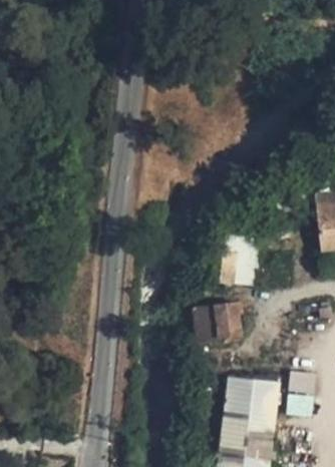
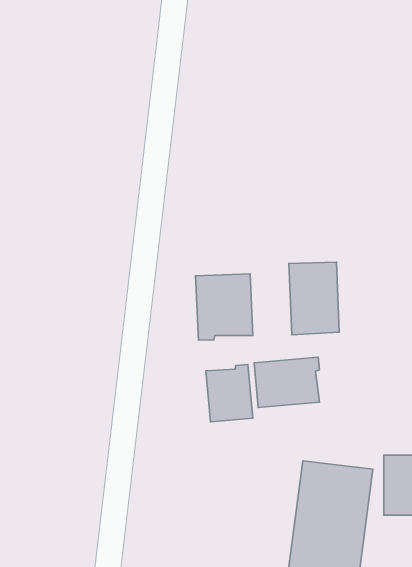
building: none -> [196,274,253,340]
building: none -> [206,365,253,422]

